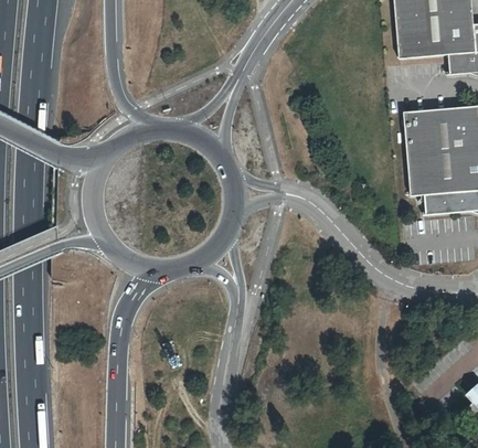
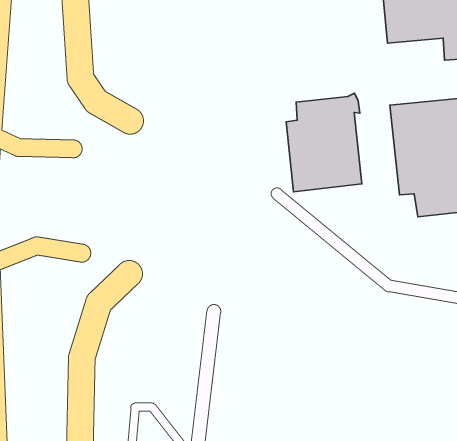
building: none -> [286,93,362,192]

